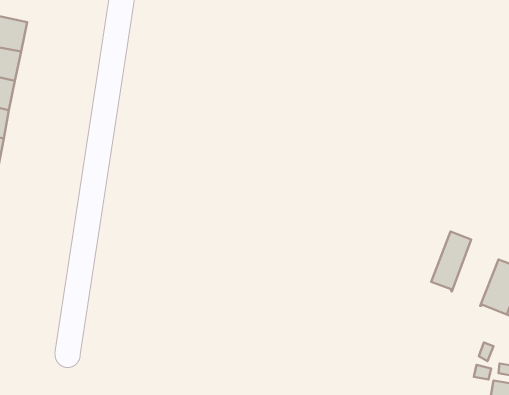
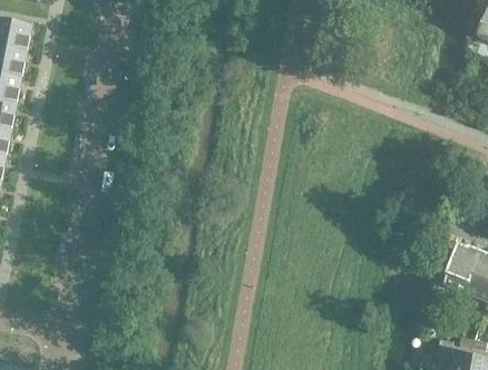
building: [431,232,471,292] -> none

